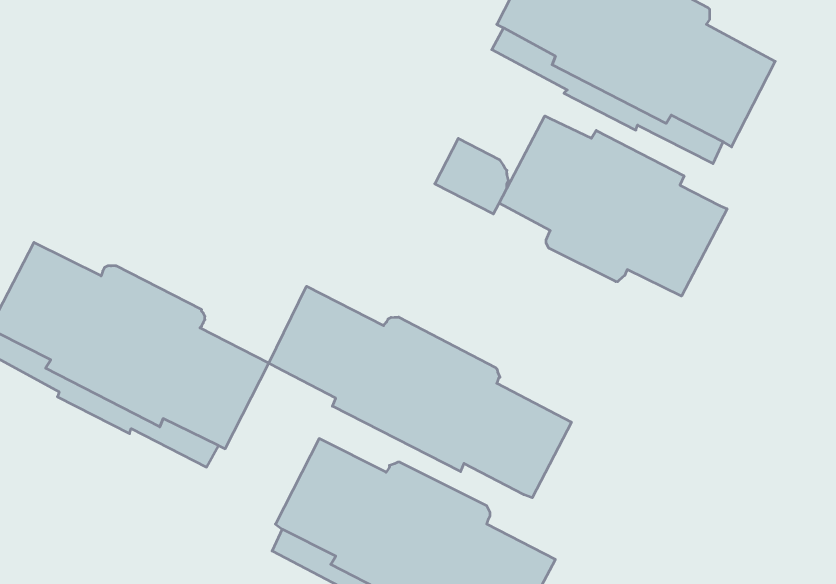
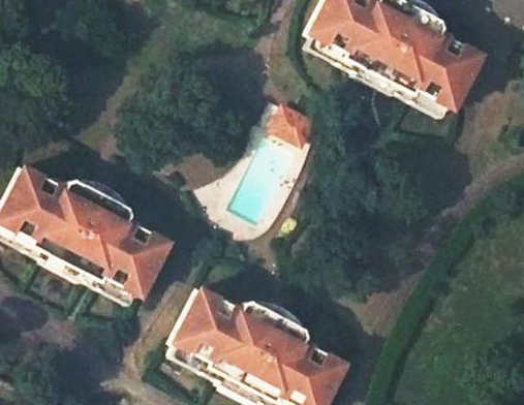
building: [499,116,727,296] -> none
building: [269,286,571,498] -> none

